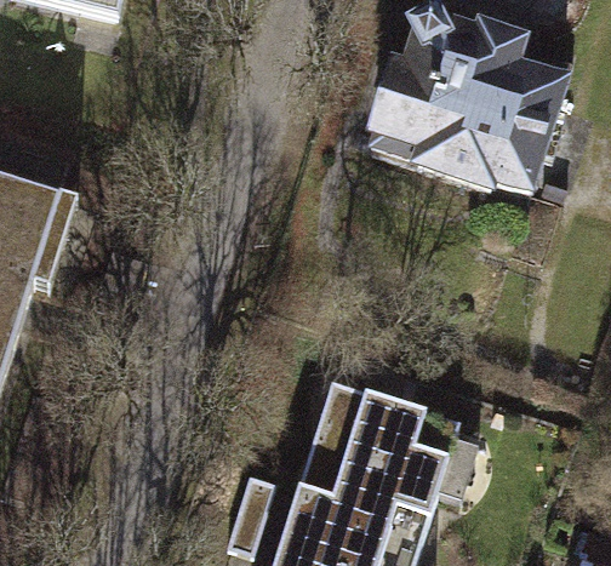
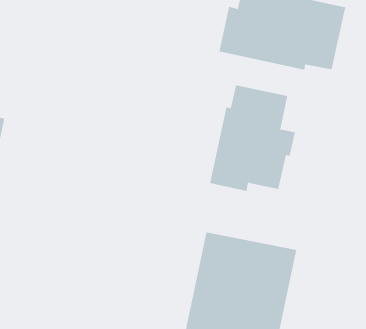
building: none -> [209,85,296,192]

